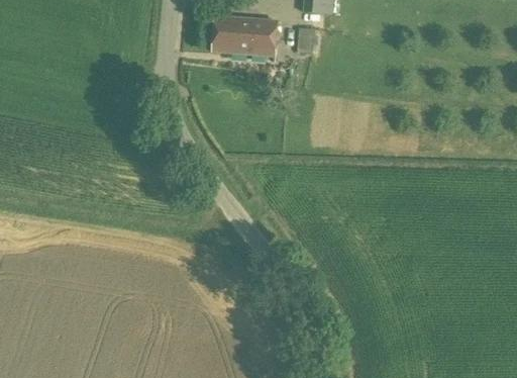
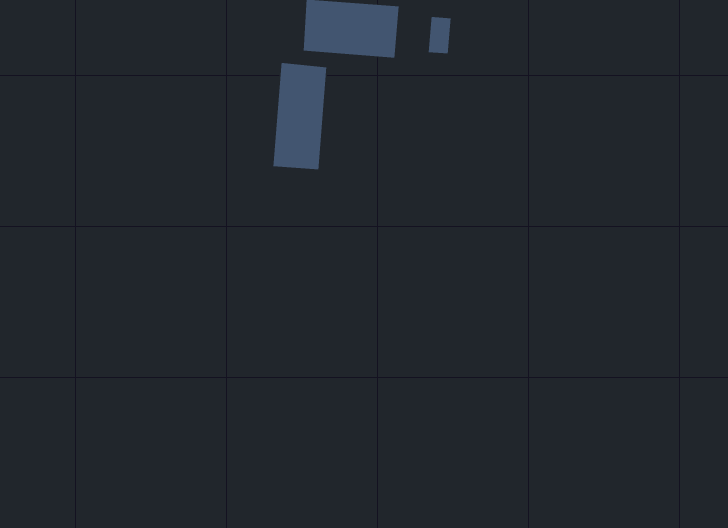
building: none -> [273,62,327,170]

